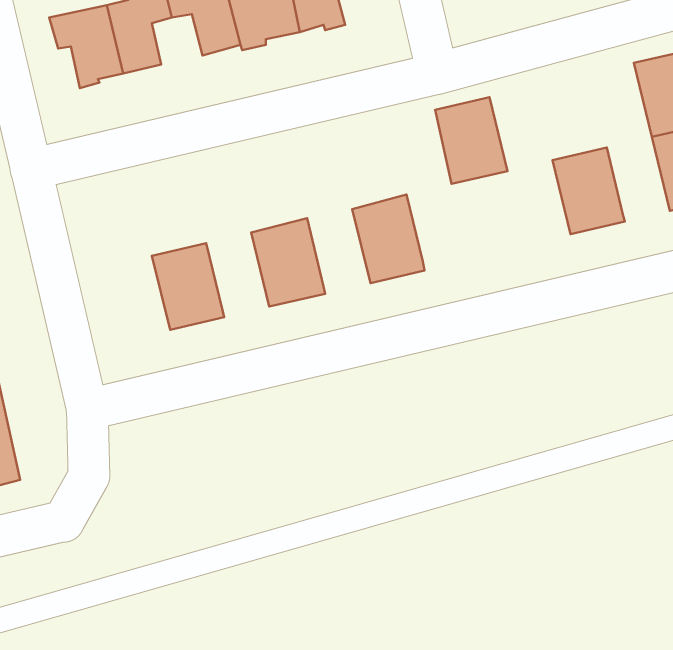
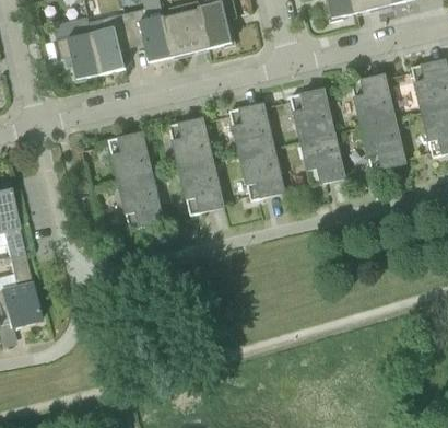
building: none -> [351,72,394,125]
building: none -> [229,101,273,154]
building: none -> [169,116,213,169]
building: none -> [108,130,152,183]
building: none -> [300,131,345,185]

